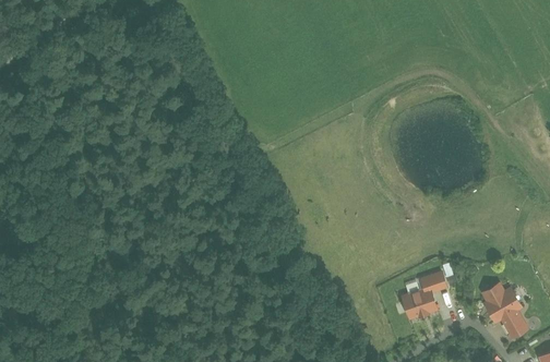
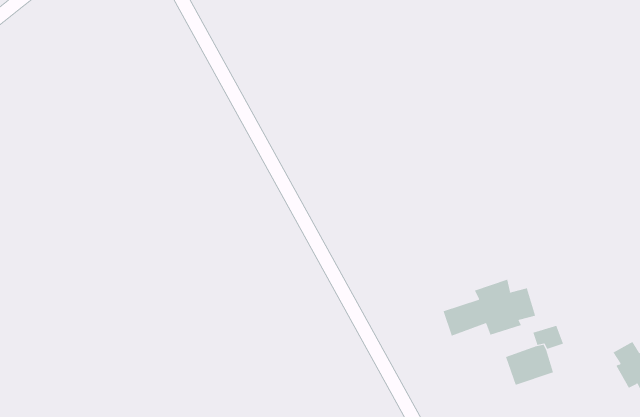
building: none -> [443,279,536,337]

